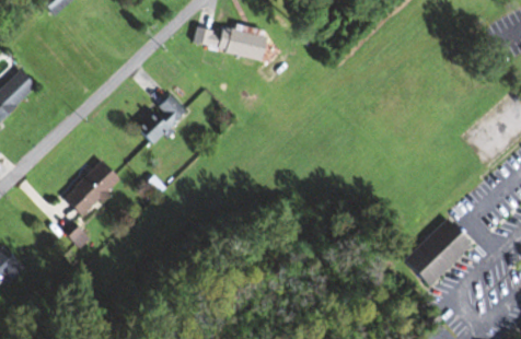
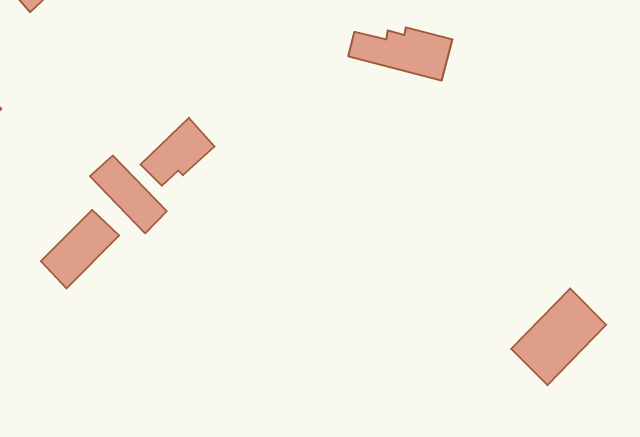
building: [194,24,269,62] -> [348,27,453,80]
building: none -> [90,156,167,233]

